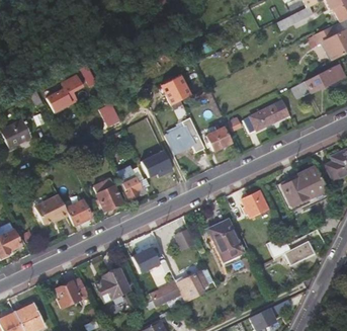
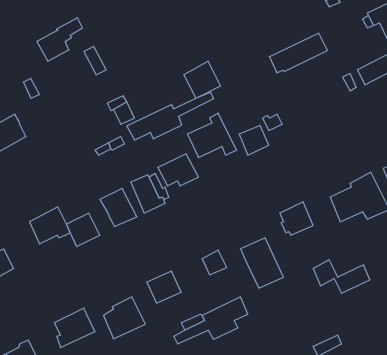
building: [46,77,83,112] -> [37,18,82,61]
building: none -> [127,92,213,140]
building: [243,99,290,132] -> [269,33,327,73]

